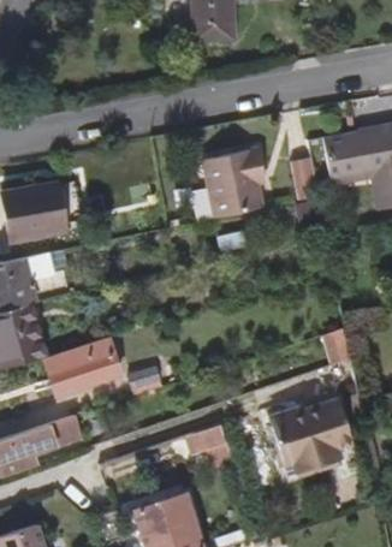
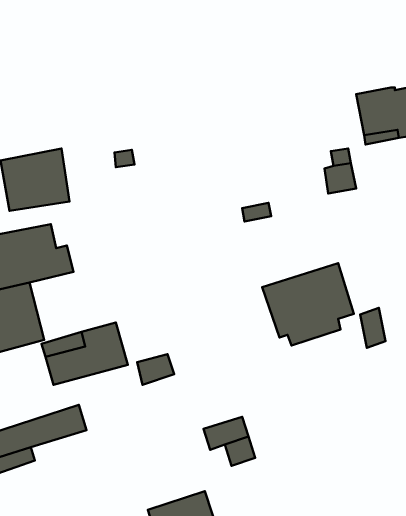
building: [202,147,263,218] -> none
building: [271,399,354,474] -> [262,263,354,346]

